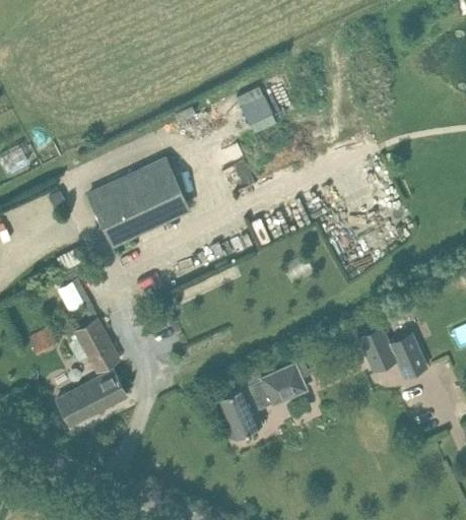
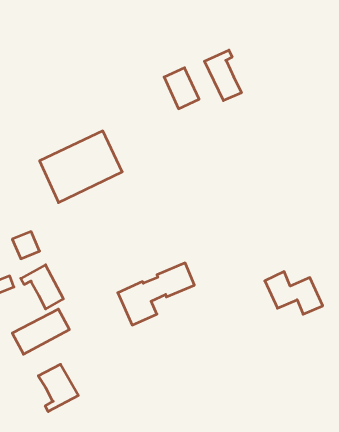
building: none -> [204,50,241,101]
building: [214,365,306,439] -> [118,263,194,325]
building: none -> [38,364,78,412]

